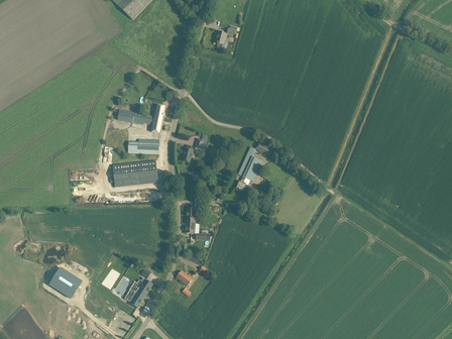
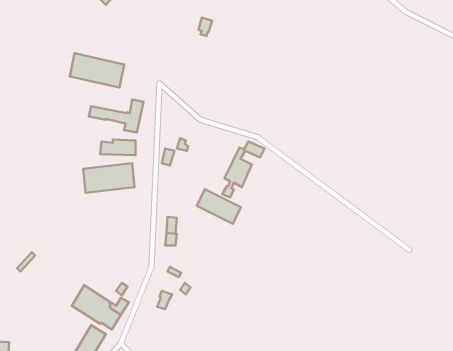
building: none -> [70,53,124,88]
building: none -> [197,189,241,224]
building: [48,267,82,299] -> none

